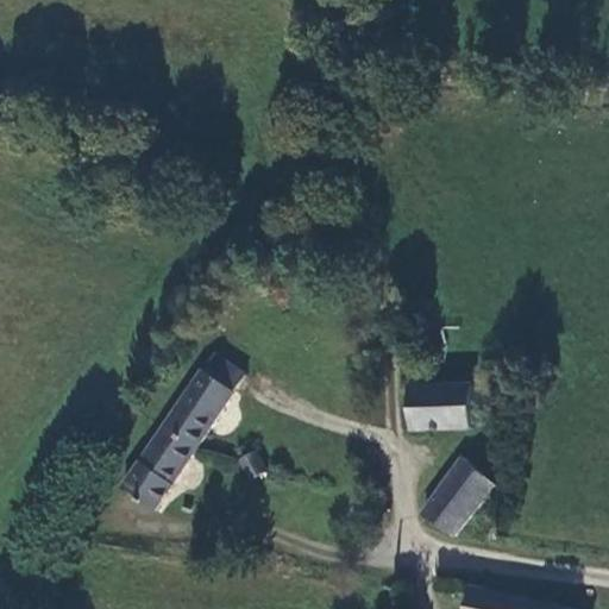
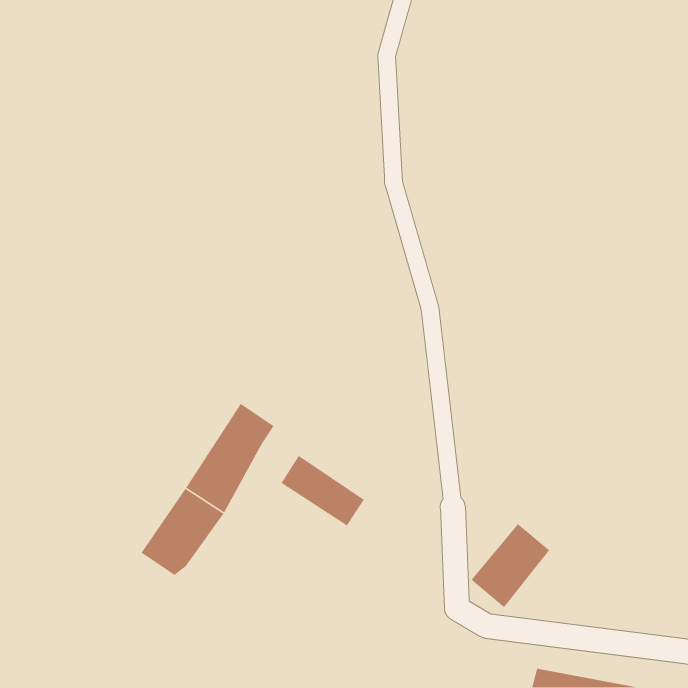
building: [400,384,464,426] -> none
building: none -> [281,455,365,526]

